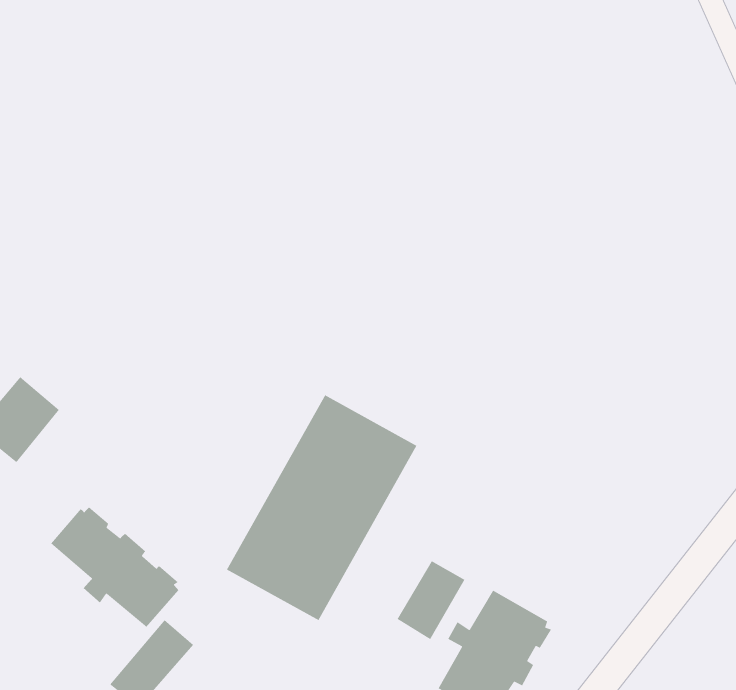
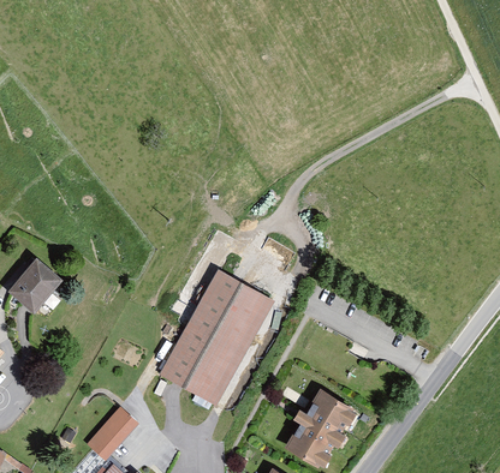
building: [50,507,179,628] -> none
building: [396,560,465,640] -> none

